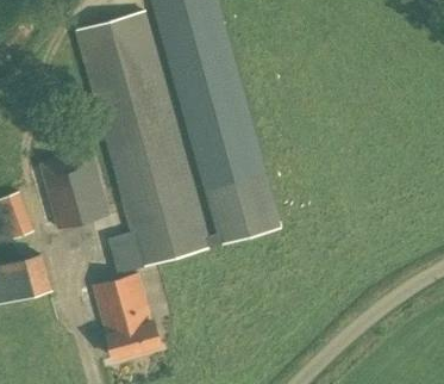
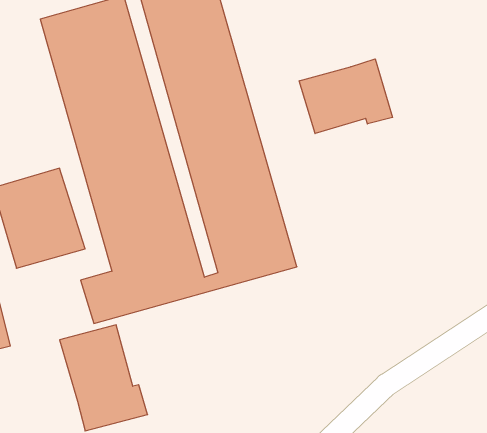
building: none -> [299,59,393,134]

